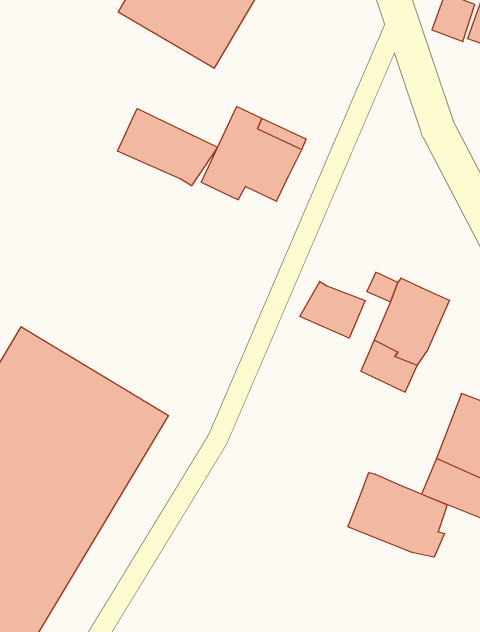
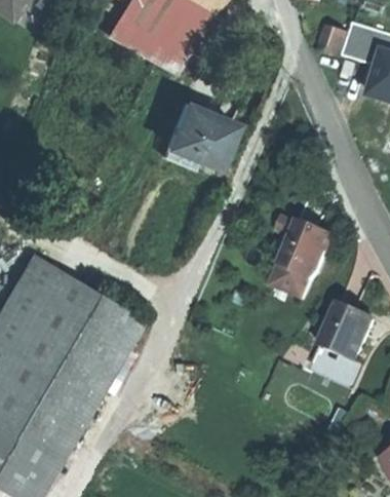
building: [118,109,218,186] -> none
building: [300,281,365,338] -> none
building: [348,473,447,557] -> none

